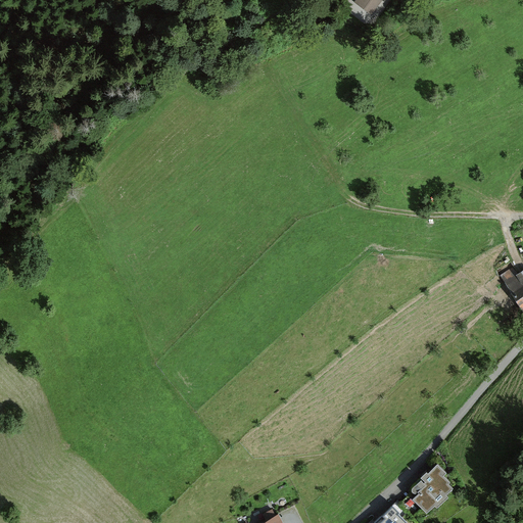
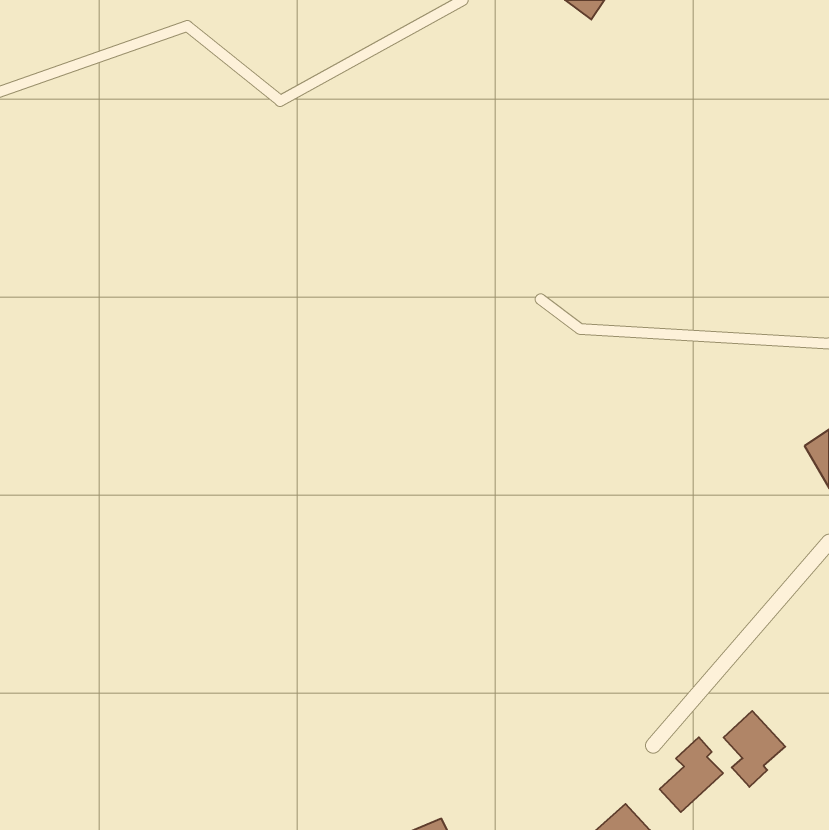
building: none -> [724,711,785,787]

